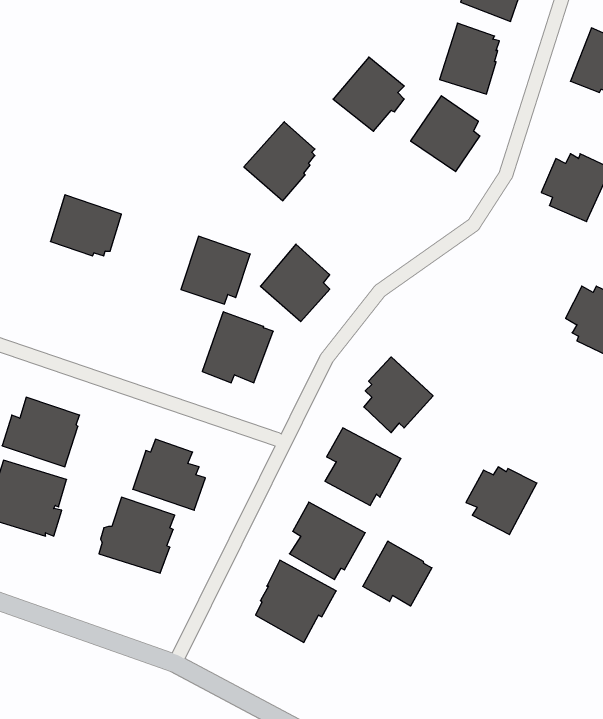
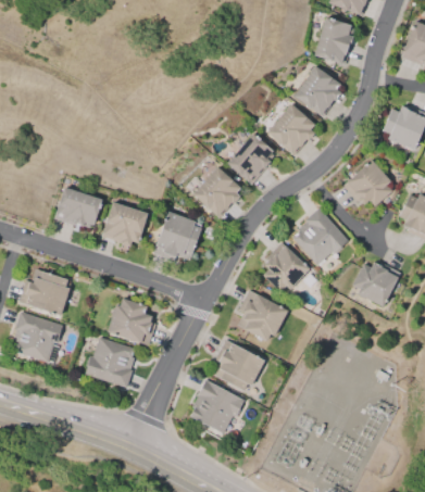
building: [333,57,404,131] -> [267,104,315,154]
building: [244,122,315,201] -> [226,133,274,186]
building: [50,195,121,256] -> [54,187,102,228]
building: none -> [343,161,393,209]
building: [181,236,250,304] -> [101,202,148,248]
building: none -> [292,207,349,265]
building: [466,467,537,535] -> [352,262,400,307]
building: [363,541,432,606] -> none

